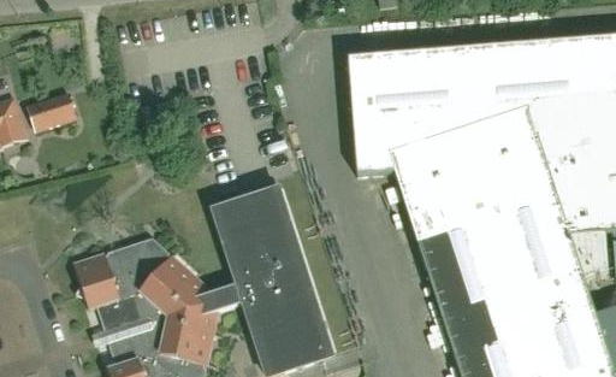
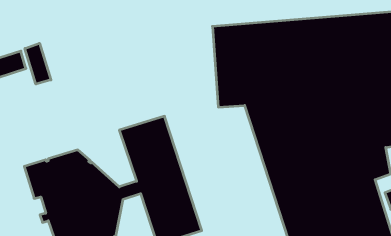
building: none -> [25,43,51,84]

